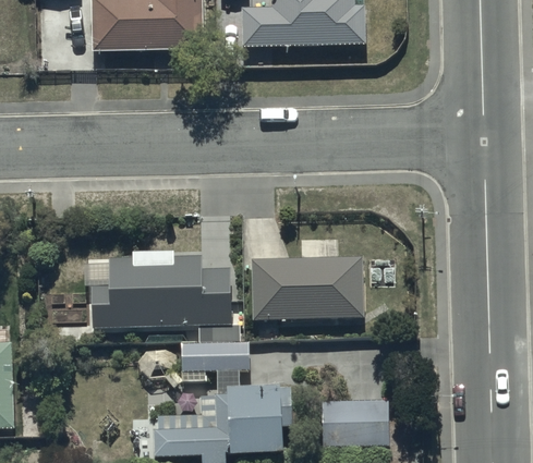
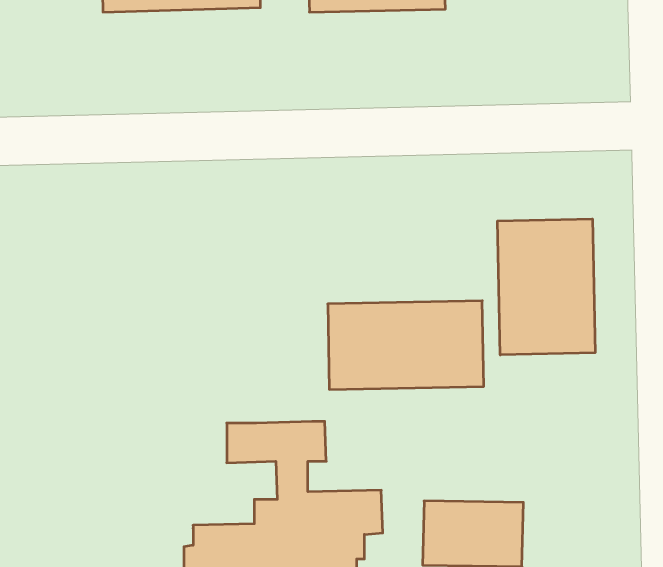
building: none -> [498,219,595,355]
building: [83,253,241,343] -> none

